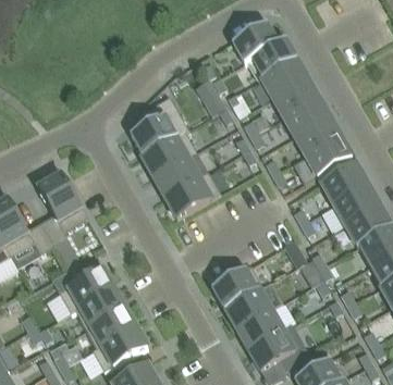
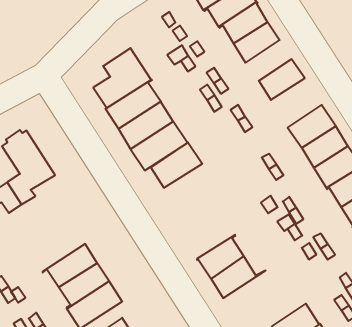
building: [282,96,328,135] -> none
building: [305,135,351,175] -> none
building: [211,264,262,308] -> [151,142,202,188]
building: [58,266,113,312] -> none
building: [247,323,310,372] -> none

